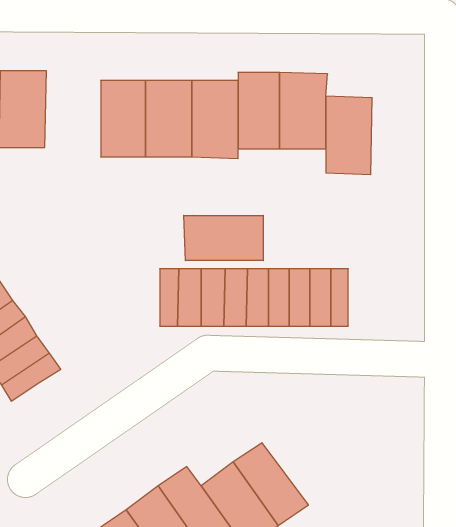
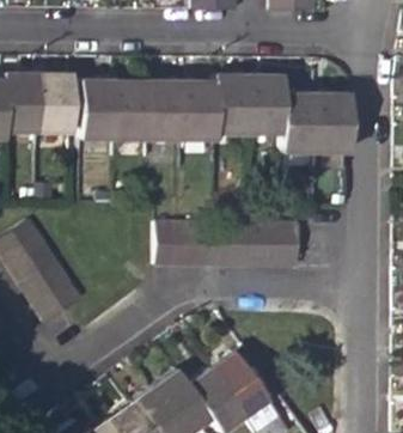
building: none -> [83,81,116,139]
building: none -> [318,94,352,152]
building: [184,215,263,261] -> none

